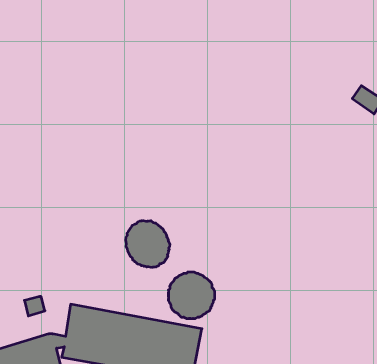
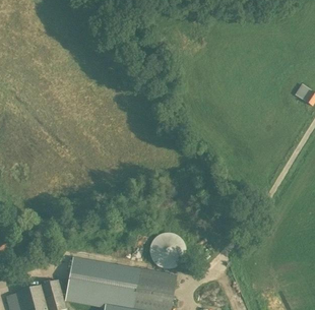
building: [126,221,170,267] -> none

